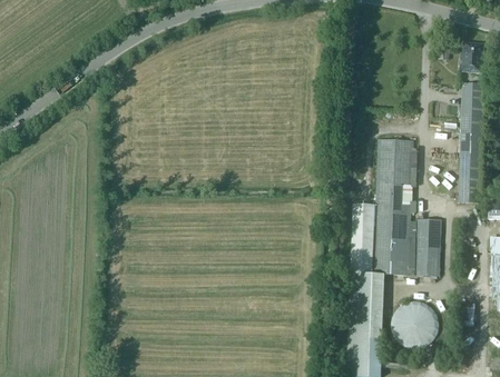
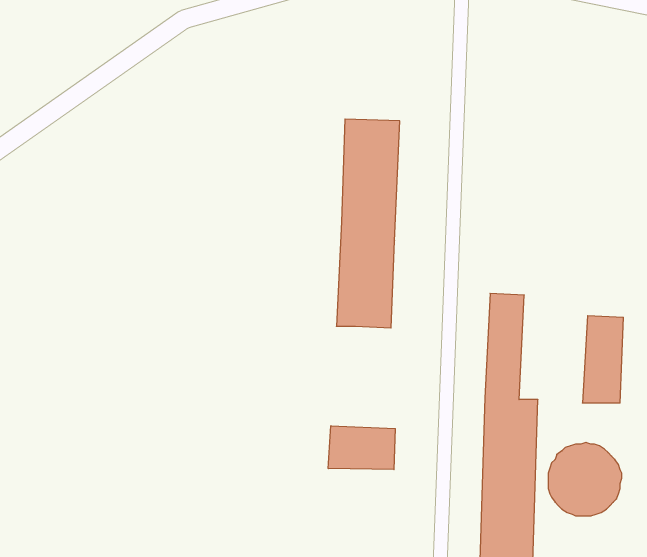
building: [373,138,414,274] -> [336,119,400,328]
building: none -> [328,426,395,470]

